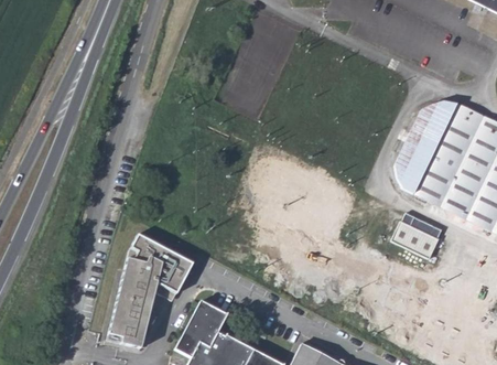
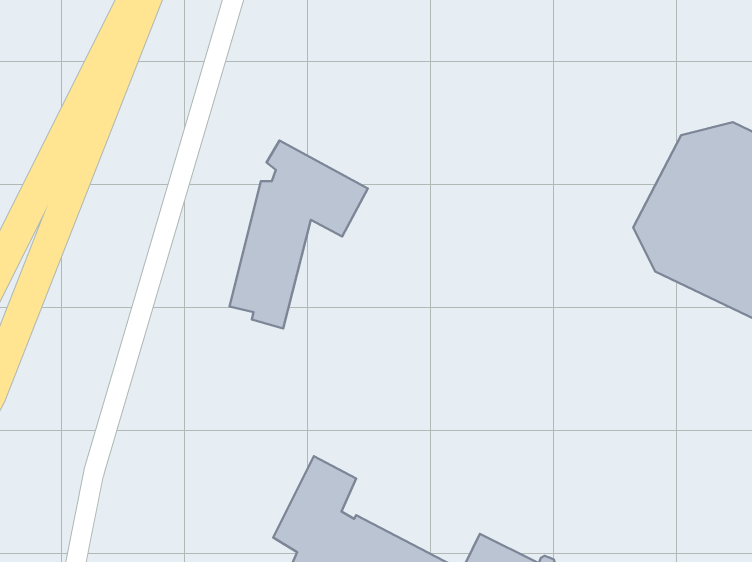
building: [389,221,437,258] -> none
building: [110,232,193,344] -> [230,140,368,329]

